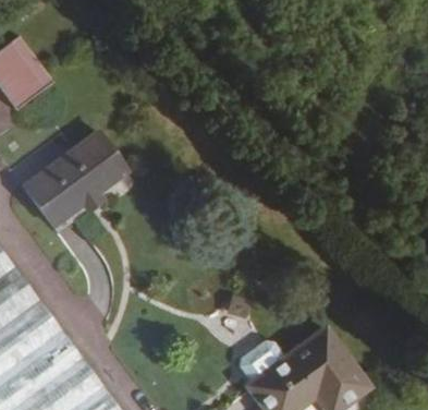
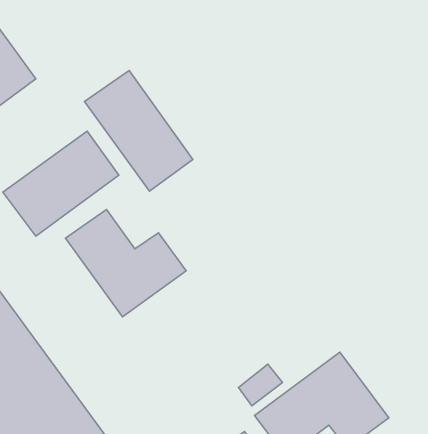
building: none -> [85,70,193,191]
building: none -> [65,209,186,317]

